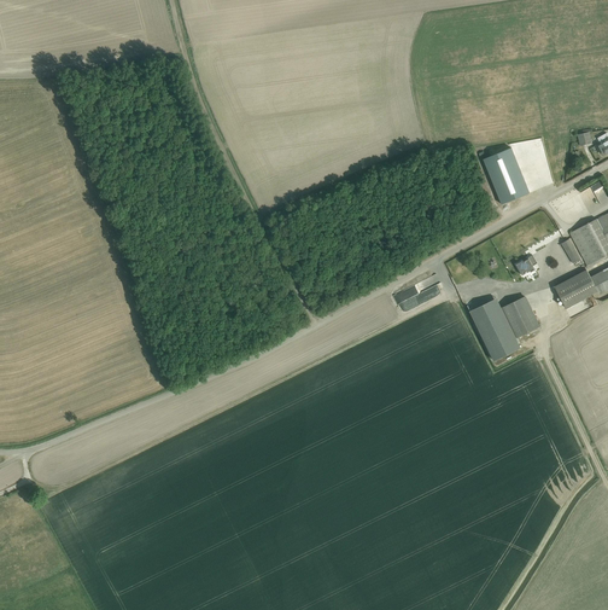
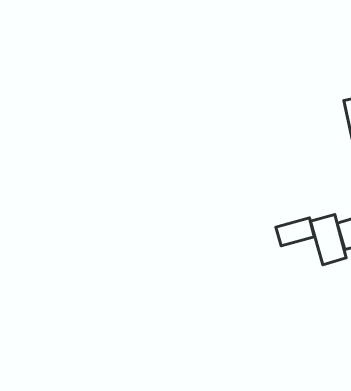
building: none -> [276,218,314,246]

